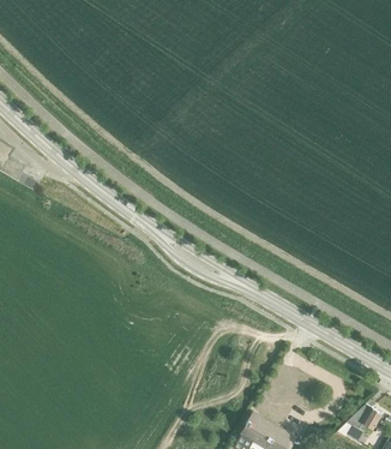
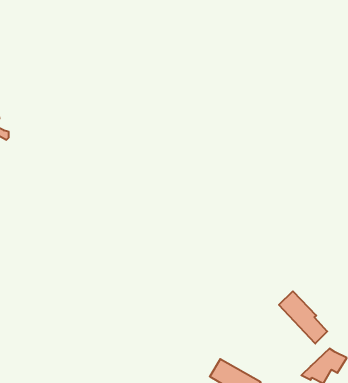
building: none -> [279,291,327,344]

